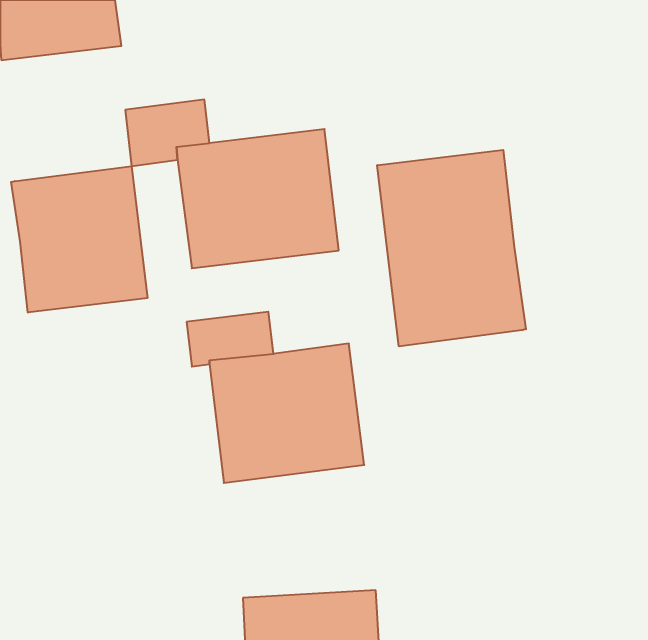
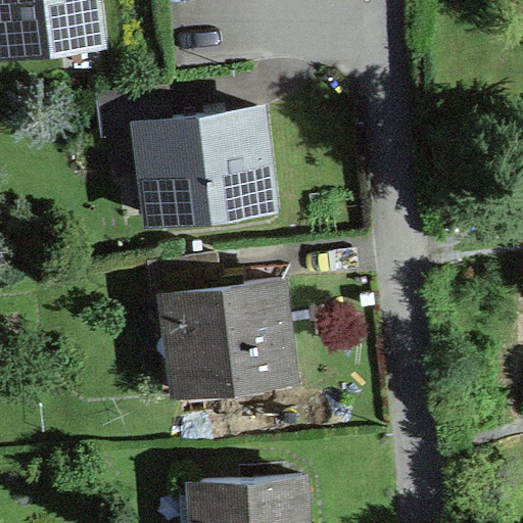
building: [377,150,526,346] -> none
building: [11,166,147,313] -> none

